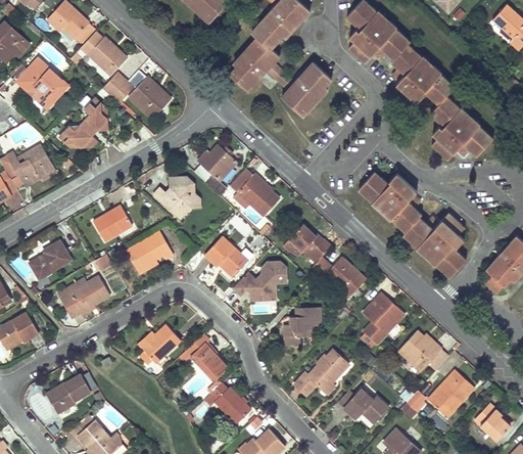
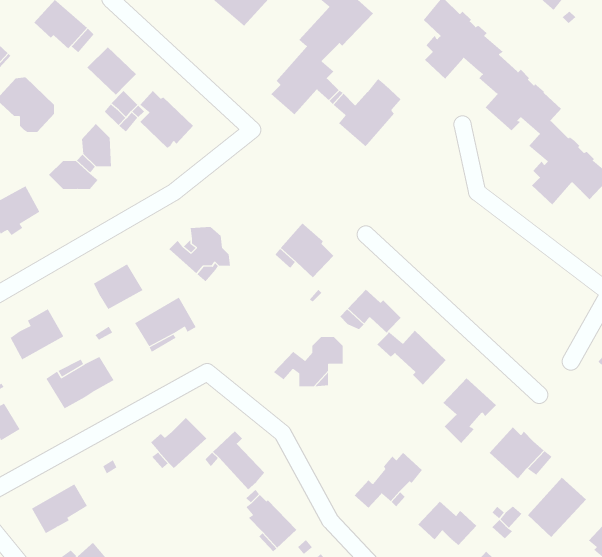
building: [197,145,237,197] -> none
building: [359,172,466,278] -> none
building: [204,236,247,278] -> none
building: [284,308,321,347] -> none

